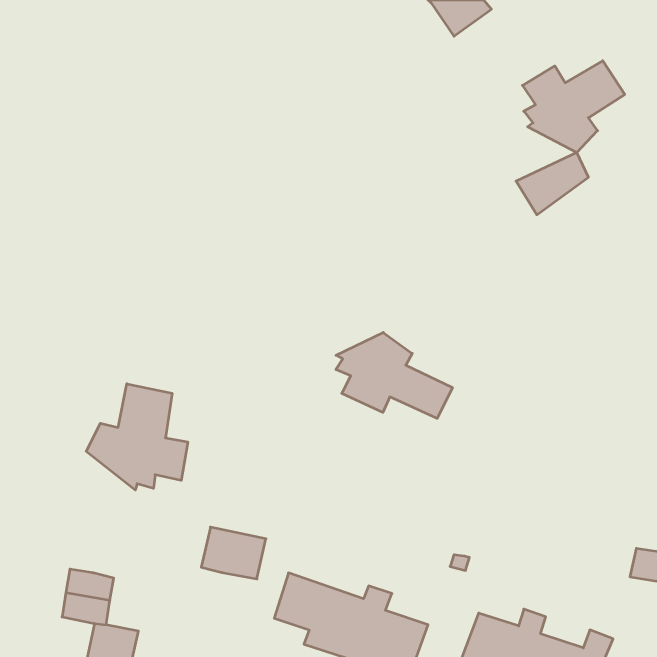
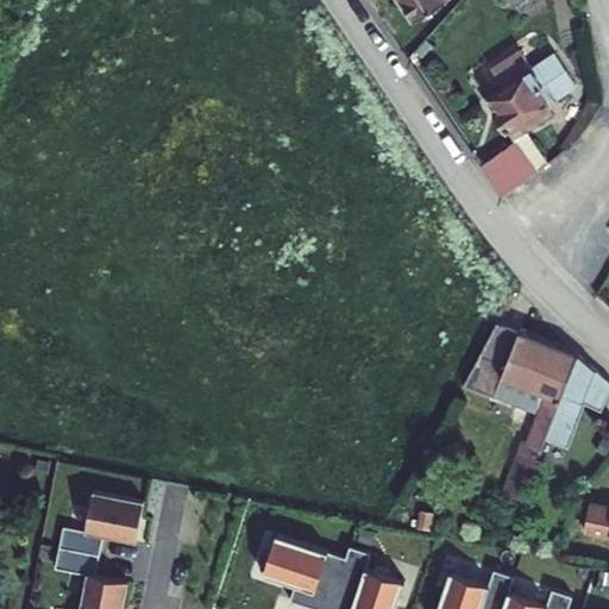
building: [336,332,452,418] -> none
building: none -> [463,315,603,476]
building: [86,384,188,490] -> none
building: [201,527,266,579] -> [89,494,149,541]

